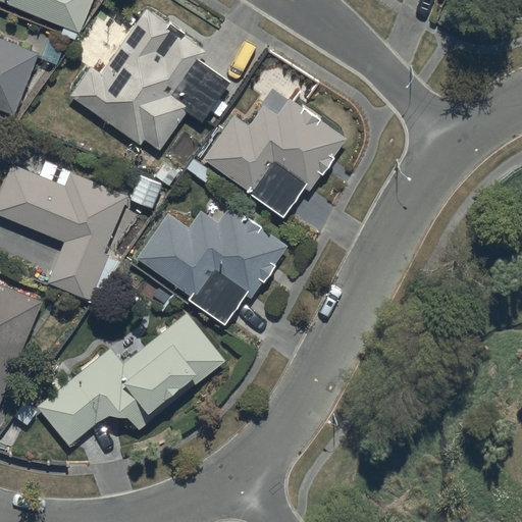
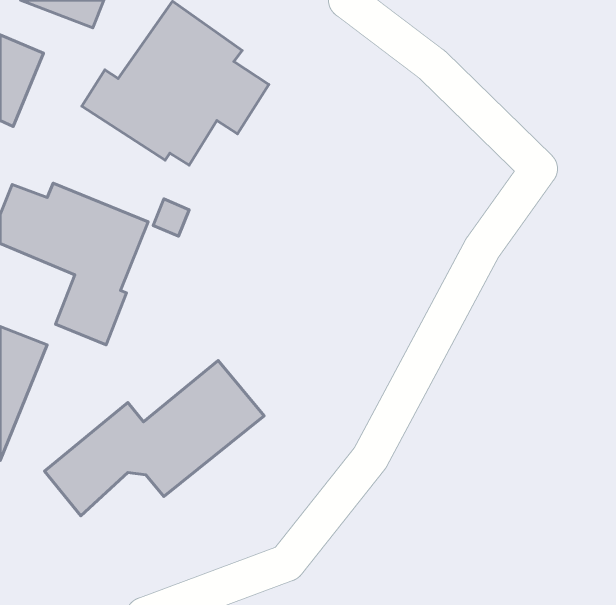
building: [204,100,345,216] -> none
building: [138,207,285,323] -> none

